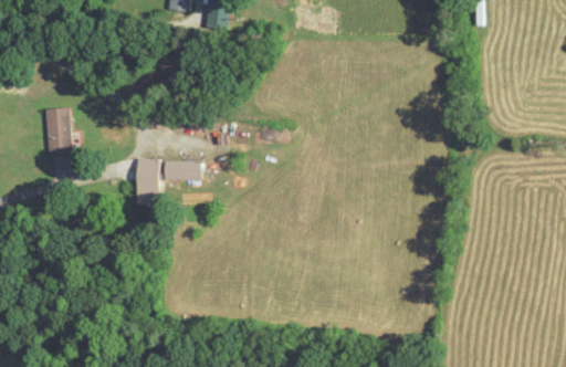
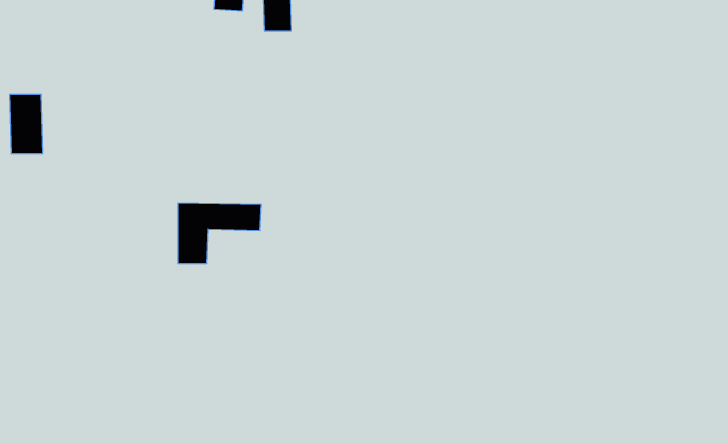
building: [48,106,73,151] -> [10,94,43,153]

